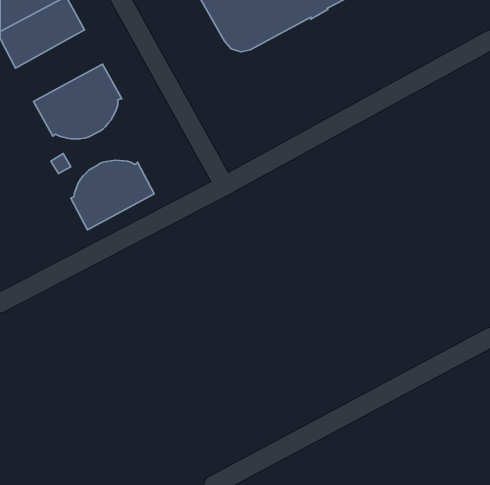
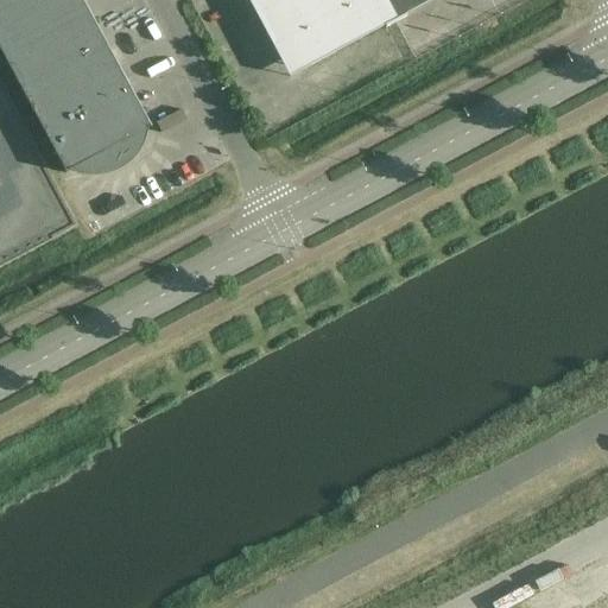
building: none -> [19,37,127,126]
building: [71,160,154,230] -> none

